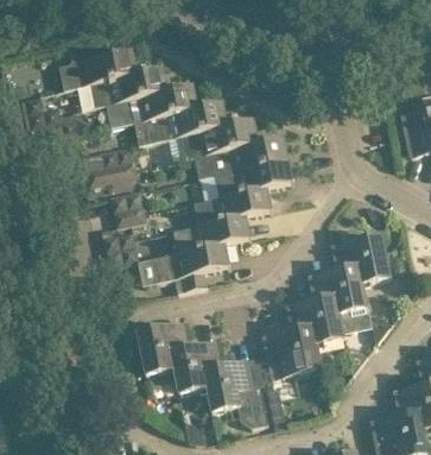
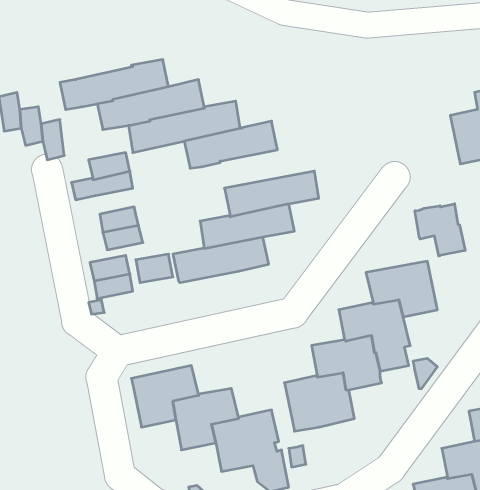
building: [59,51,138,90] -> none
building: [210,138,289,176] -> none
building: none -> [415,204,465,256]
building: [152,245,230,292] -> none

